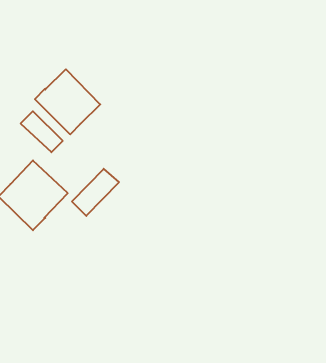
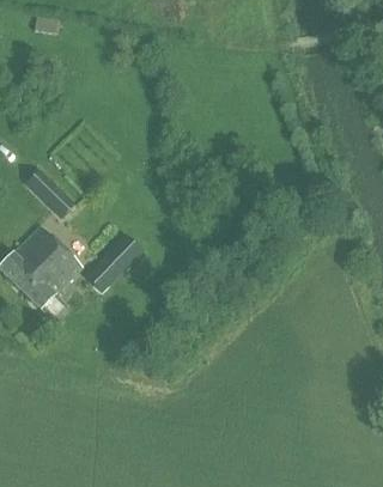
building: [35,69,100,134] -> none

